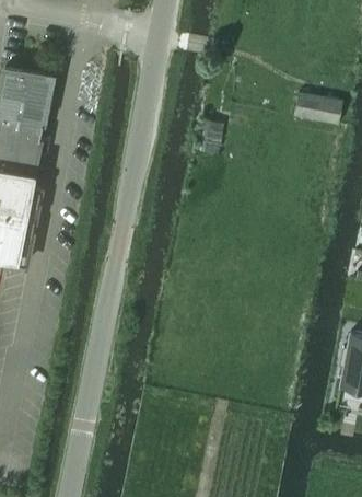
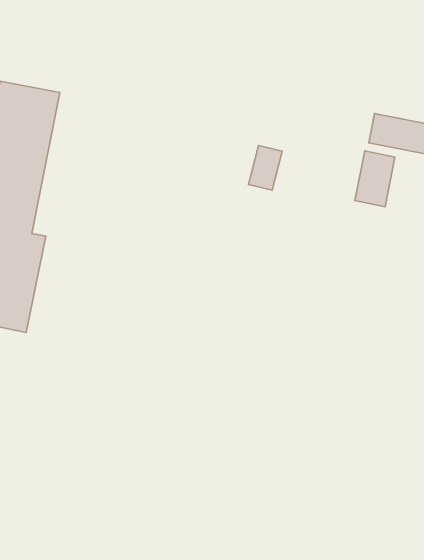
building: none -> [355,151,395,207]

